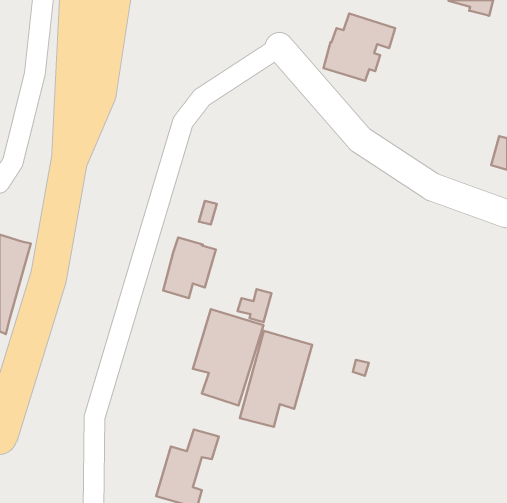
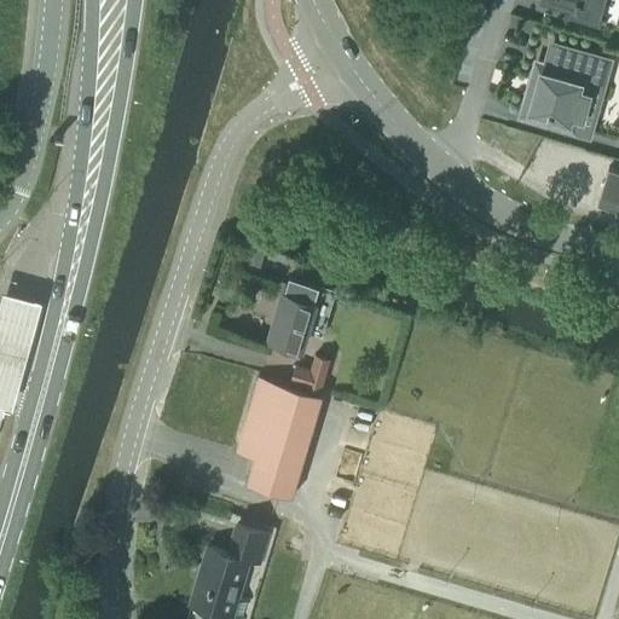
building: [323,13,395,81] -> [521,48,608,131]
building: [163,238,216,298] -> [270,278,334,352]
building: [240,331,312,427] -> none

